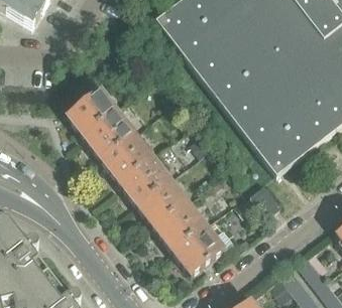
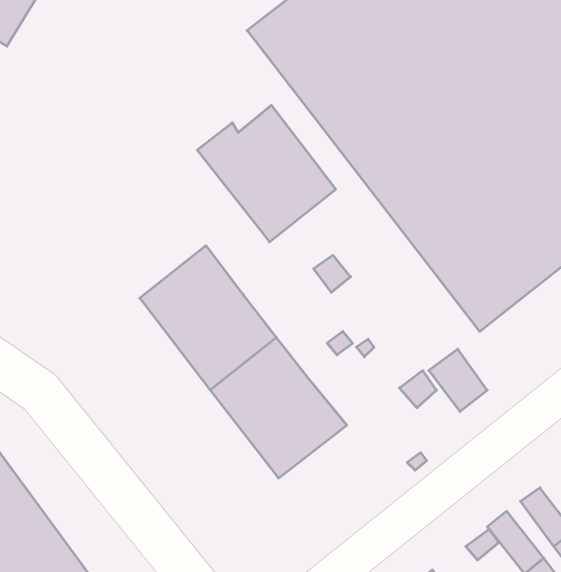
building: [63,88,134,158] -> [197,105,336,242]
building: [172,223,224,274] -> none

